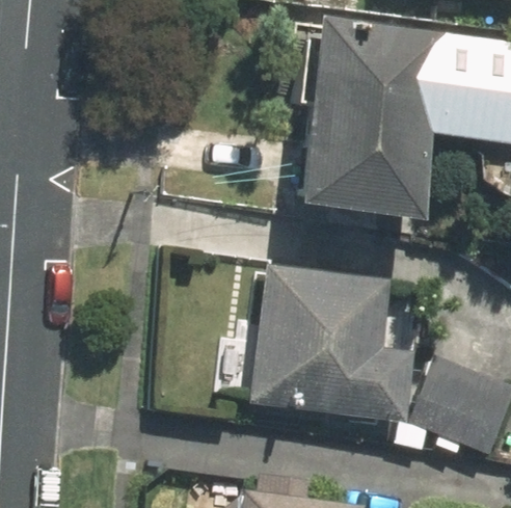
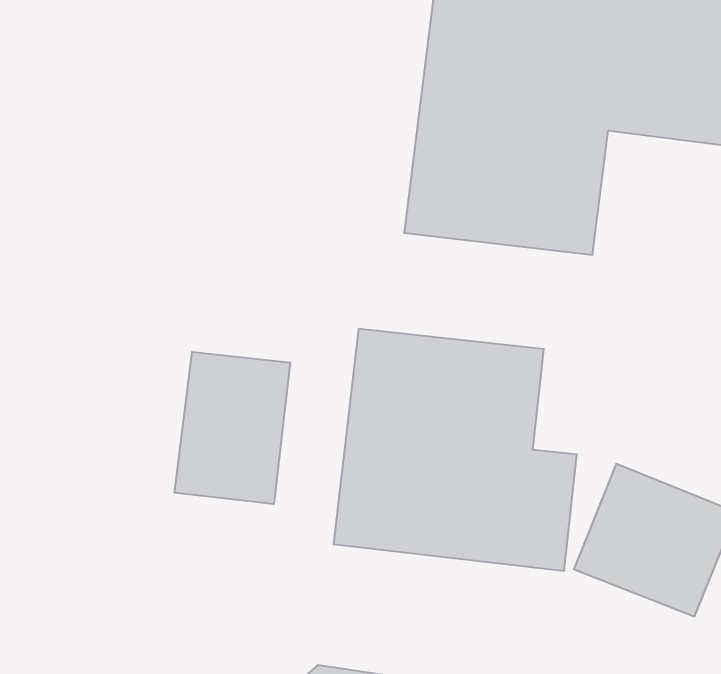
building: none -> [175,352,290,504]

